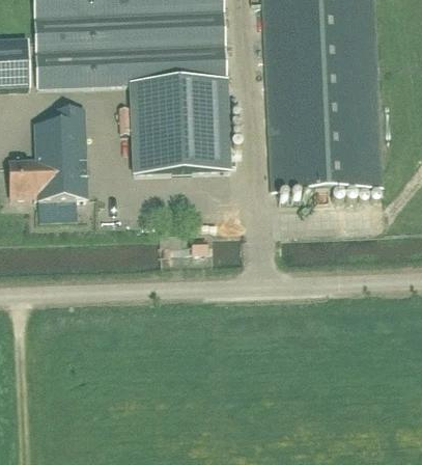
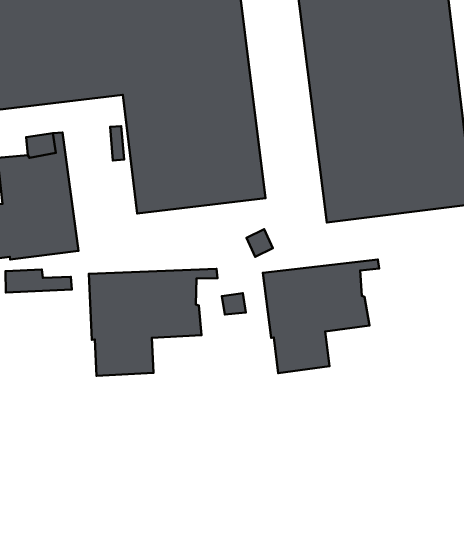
building: none -> [89,269,217,376]
building: none -> [263,259,379,373]

